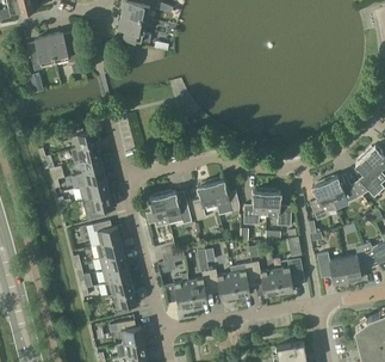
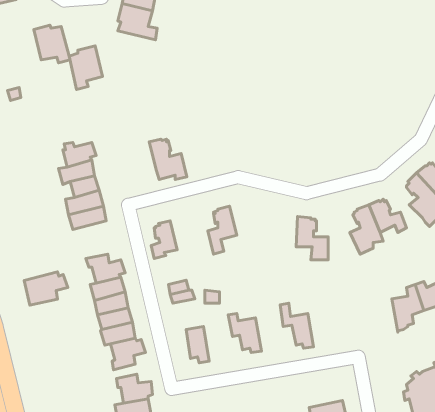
building: [27,36,55,72] -> [69,46,103,89]
building: [210,179,238,215] -> none
building: [243,190,266,225] -> none
building: [161,191,192,225] -> [149,139,187,180]
building: [81,194,117,221] -> [24,272,68,305]
building: [317,253,348,286] -> none
building: [274,259,298,297] -> none
building: [230,263,254,301] -> none
building: [188,271,212,309] -> none

